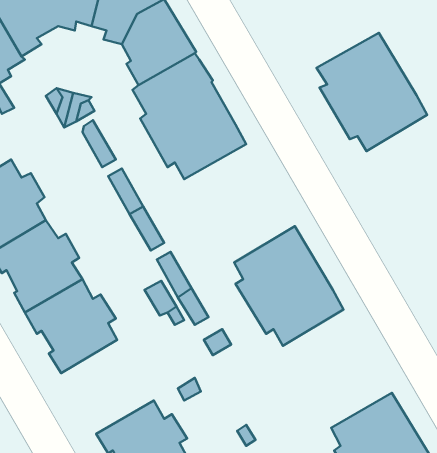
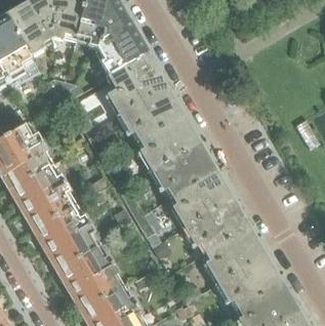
building: [316,33,427,151] -> [141,115,216,195]
building: none -> [208,227,282,307]
building: none -> [58,247,121,311]

